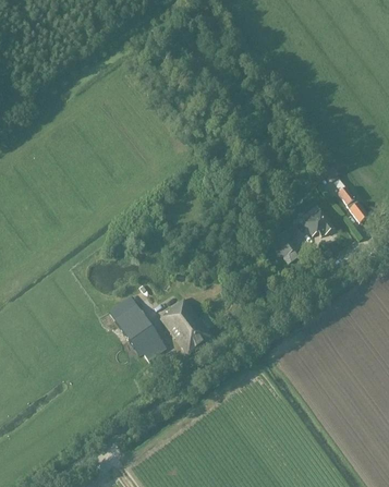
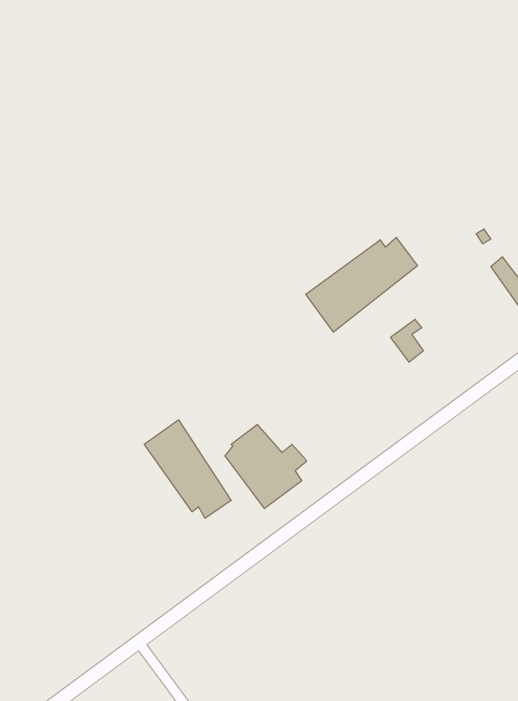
building: none -> [306,237,418,332]
building: [300,207,332,235] -> none

